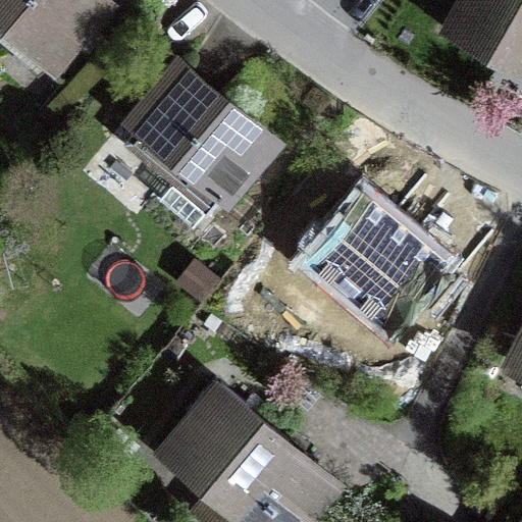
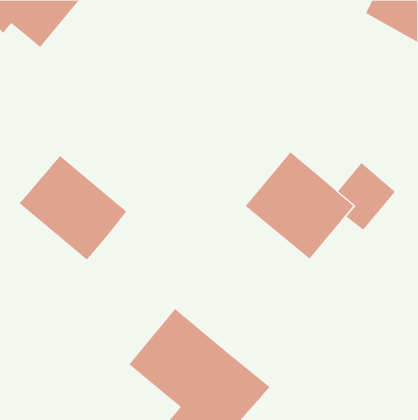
building: [122,64,266,224] -> none
building: none -> [19,155,127,261]

